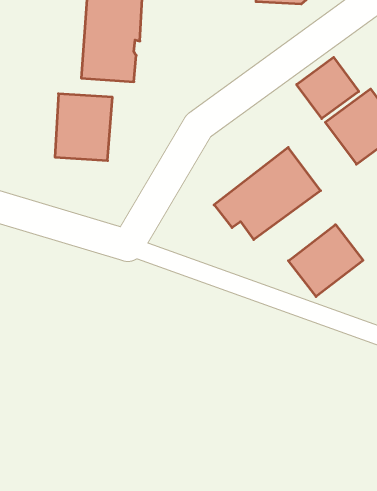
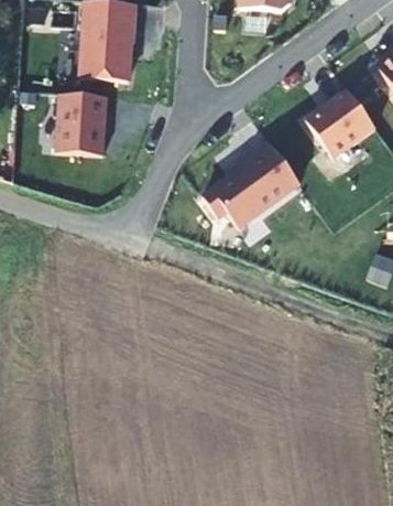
building: [297,57,359,119] -> none
building: [288,225,363,297] -> none

